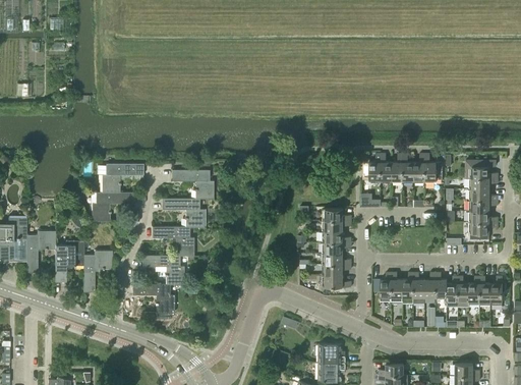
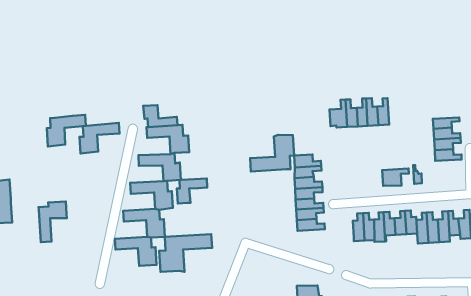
building: none -> [143,105,178,127]
building: [424,155,443,182] -> none
building: [466,161,498,179] -> none
building: none -> [250,135,294,171]
building: [93,193,133,223] -> [47,115,86,147]
building: [470,223,498,240] -> [382,169,409,186]
building: none -> [177,178,207,203]
building: [26,232,55,273] -> none
building: [83,252,112,293] -> none
building: none -> [159,234,212,272]

